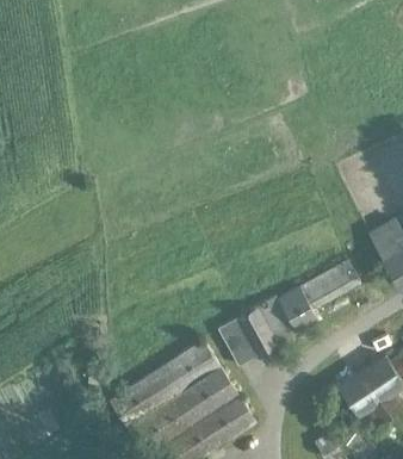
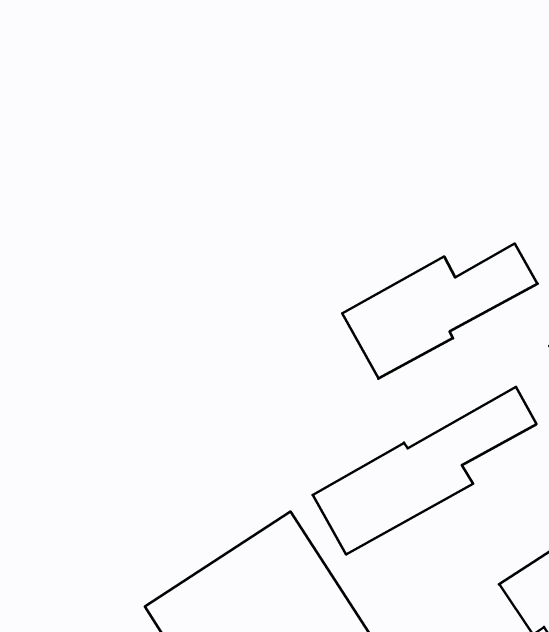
building: none -> [342,244,538,379]

